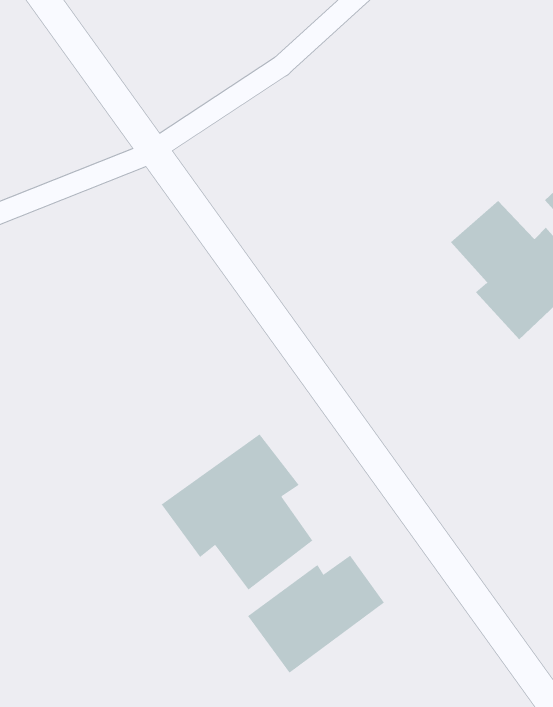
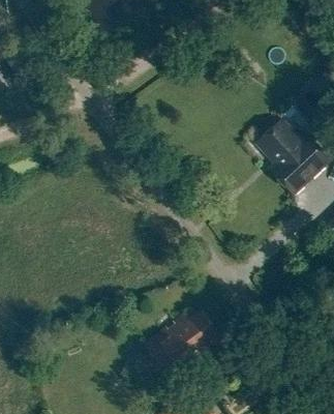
building: [161,434,313,590] -> none

